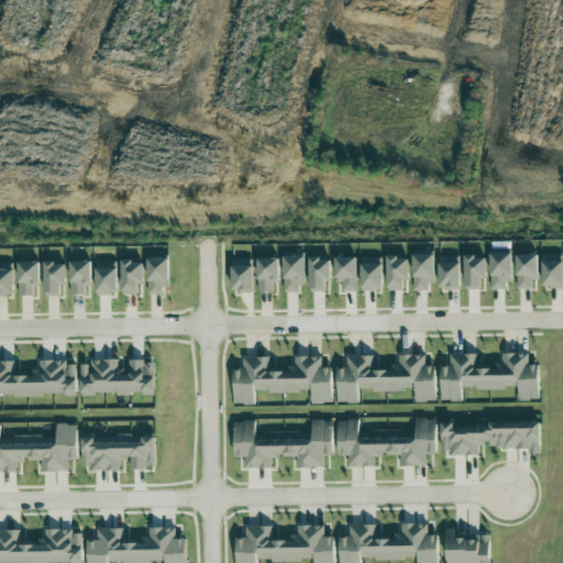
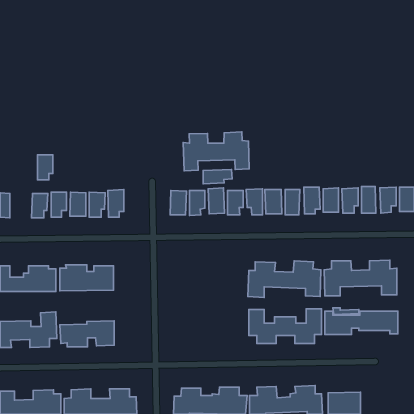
building: none -> [183,132,249,171]
building: none -> [203,169,232,184]
building: [18,262,38,296] -> [37,155,53,180]
building: [233,356,332,405] -> none
building: [234,420,333,468] -> none

